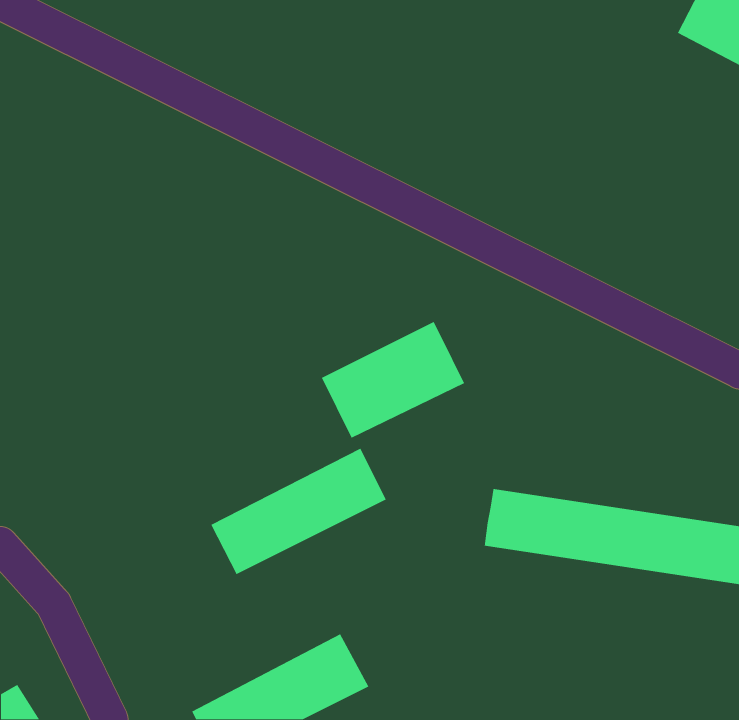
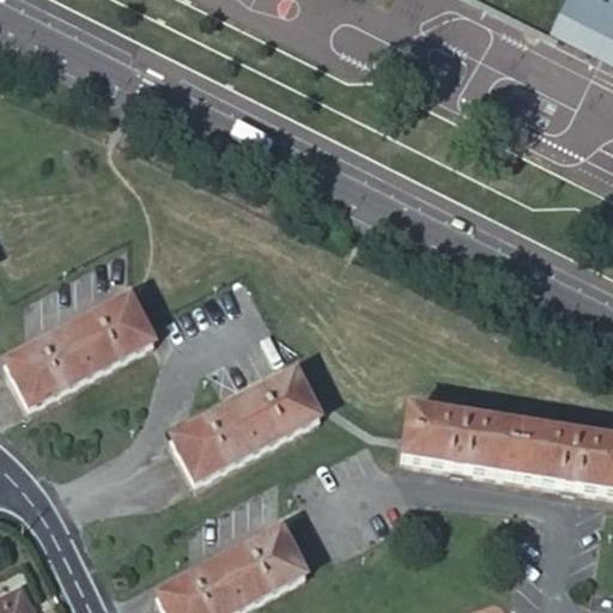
building: [321,321,465,439] -> none
building: none -> [7,291,154,400]

